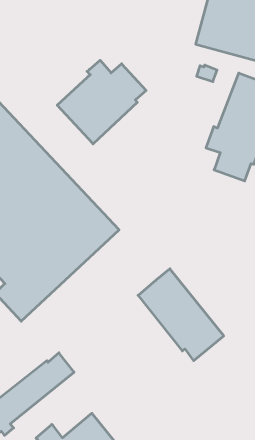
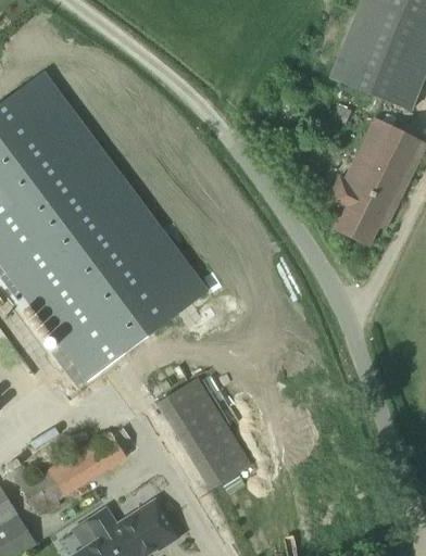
building: [57,60,146,144] -> none
building: [138,269,224,361] -> [154,379,250,491]

